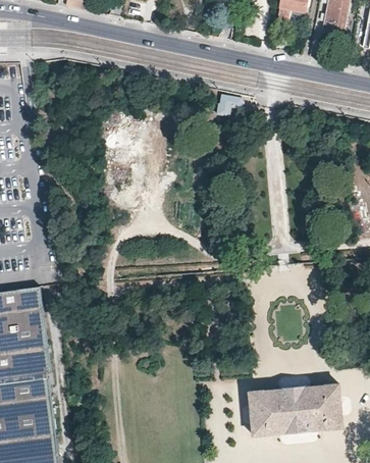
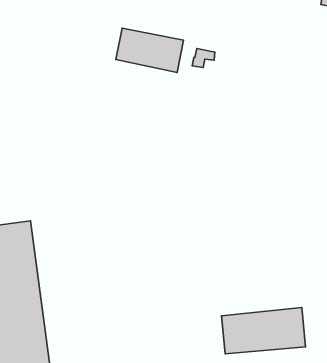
building: none -> [116,28,184,72]

